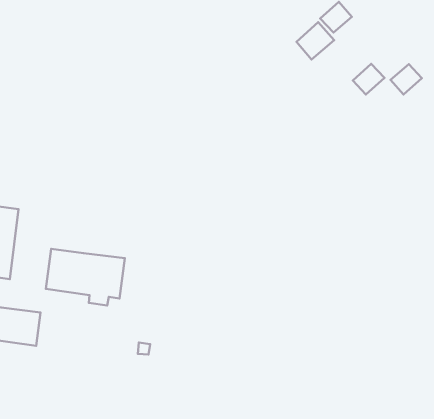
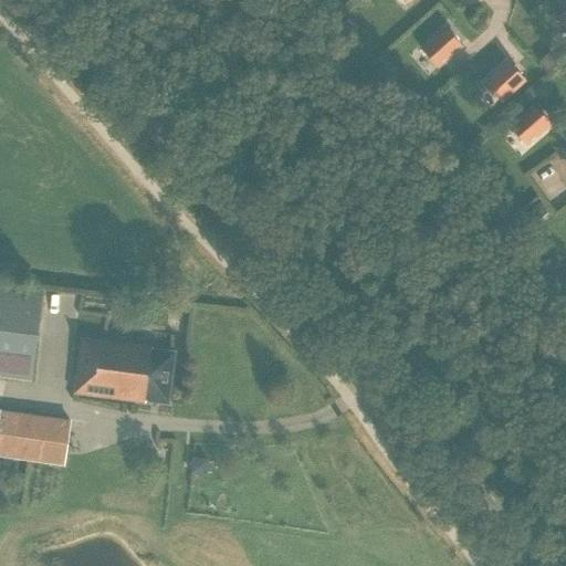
building: [297,22,334,60] -> none
building: [353,64,384,95] -> [484,63,524,102]

